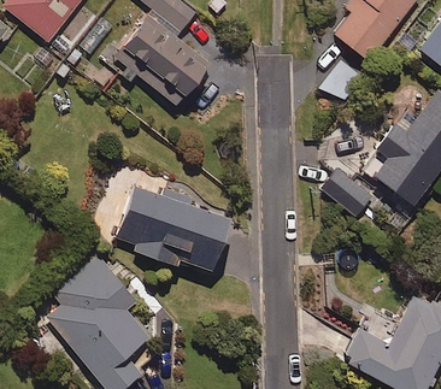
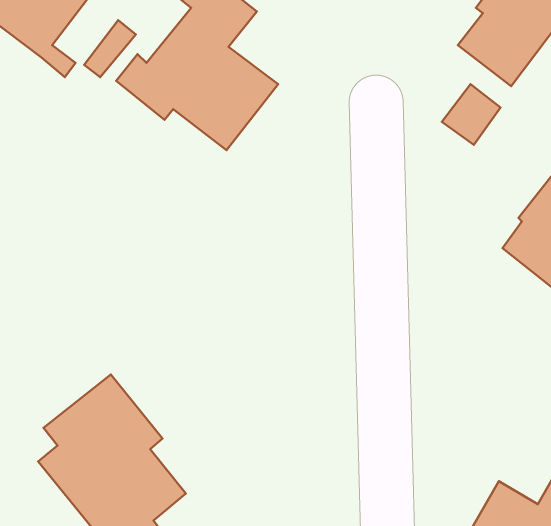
building: [321,167,372,217] -> none
building: [111,185,231,277] -> none

